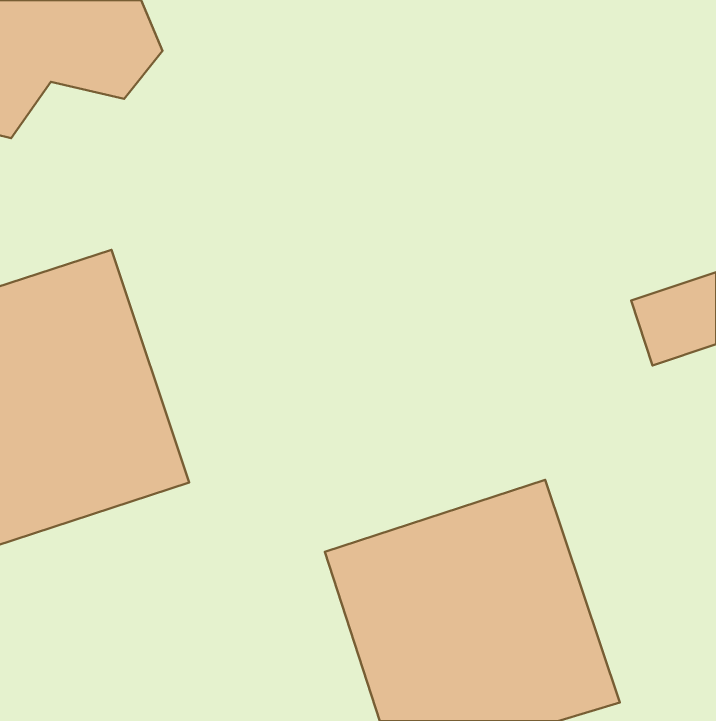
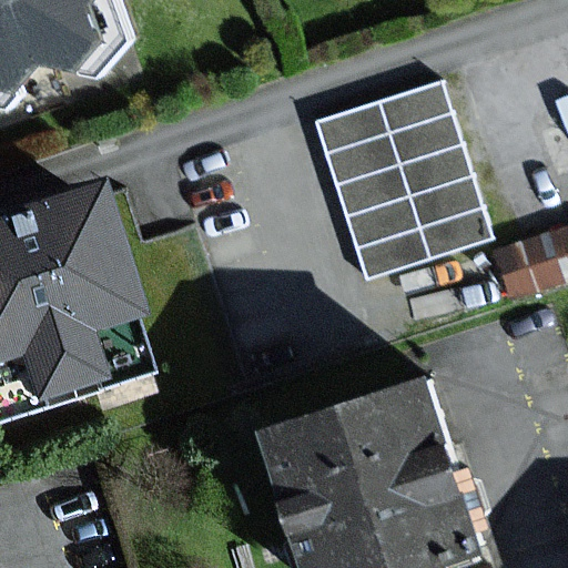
building: none -> [313,79,494,282]

